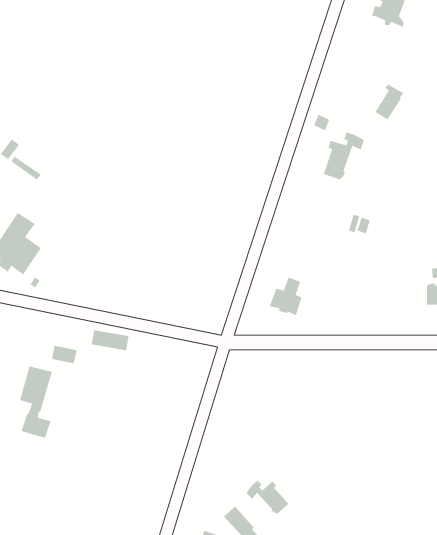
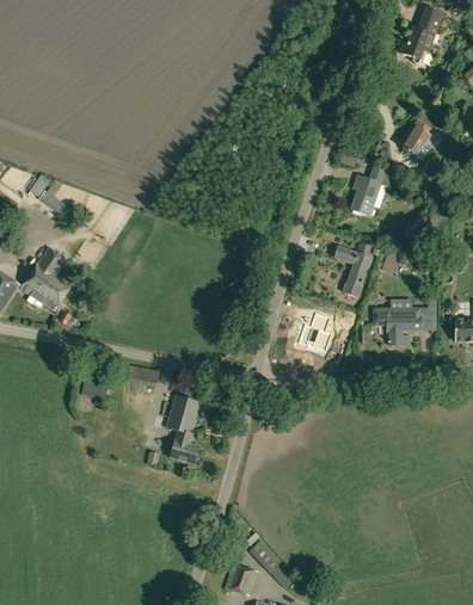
building: none -> [333,242,373,297]
building: none -> [374,308,420,345]
building: [19,366,53,439] -> [167,391,201,464]
building: [246,479,289,515] -> none

